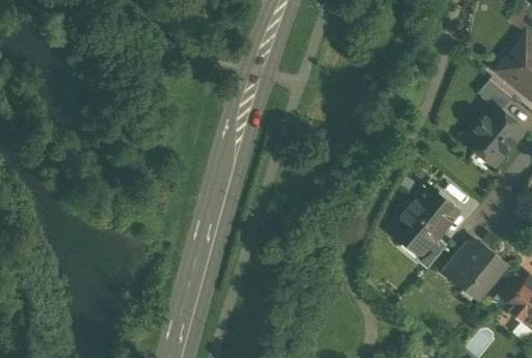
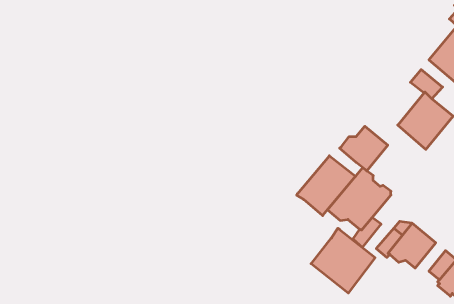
building: none -> [340,126,388,171]
building: none -> [297,156,356,216]
building: none -> [311,228,375,293]

